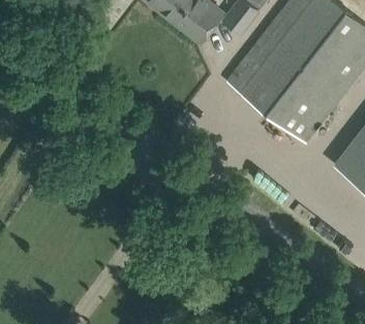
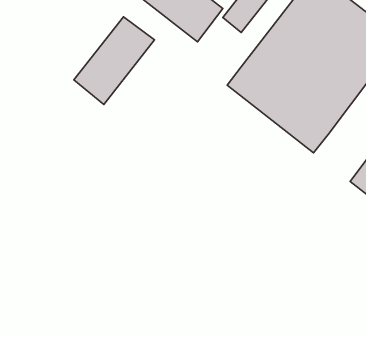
building: none -> [74,17,155,104]

